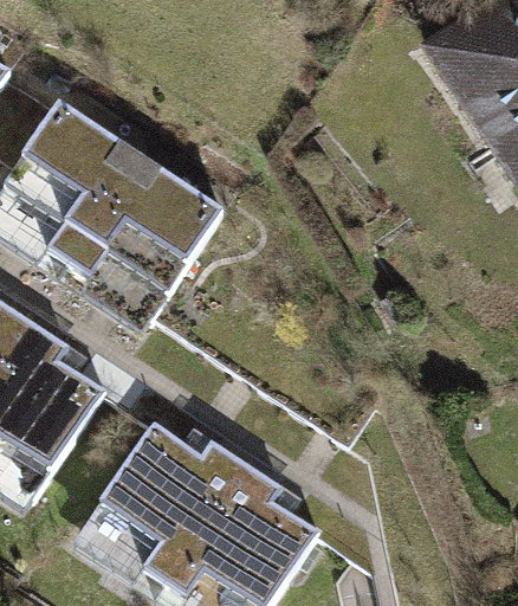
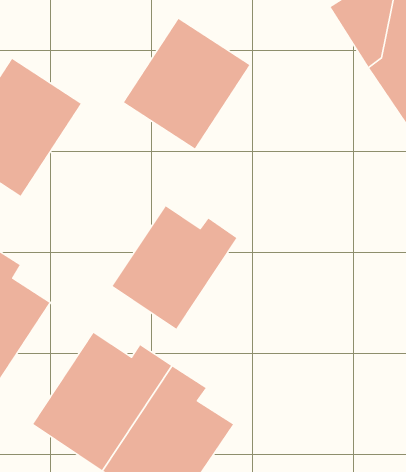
building: none -> [123,18,250,150]
building: [69,157,221,321] -> none
building: none -> [112,205,237,330]

